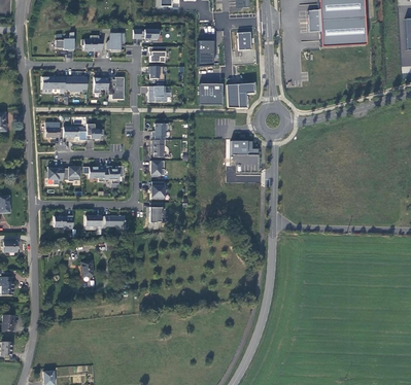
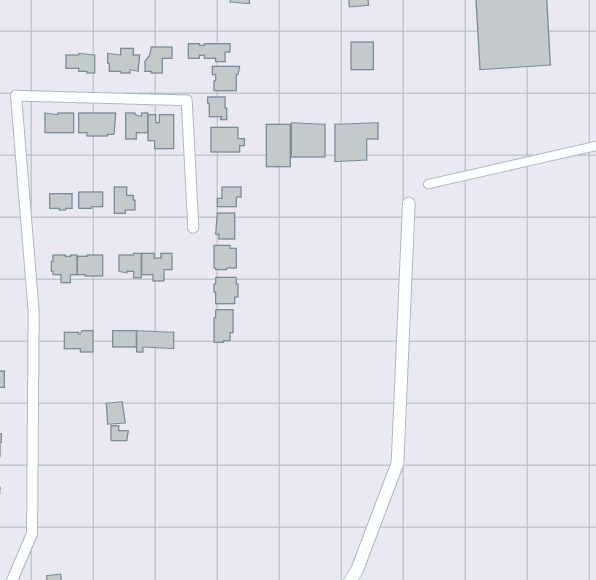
building: [198,40,213,67] -> [266,124,290,166]
building: [230,139,261,171] -> none

